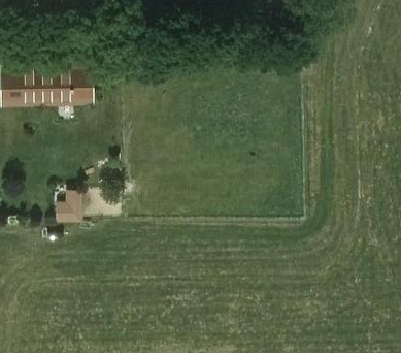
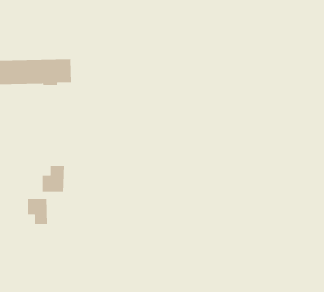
building: none -> [27,198,48,225]

